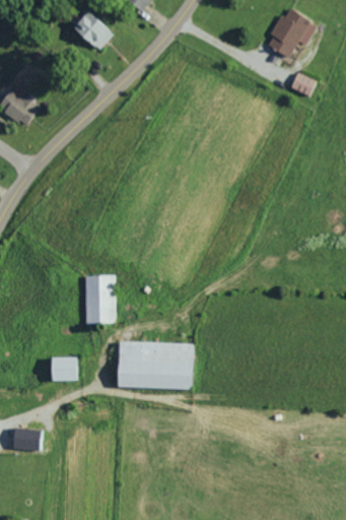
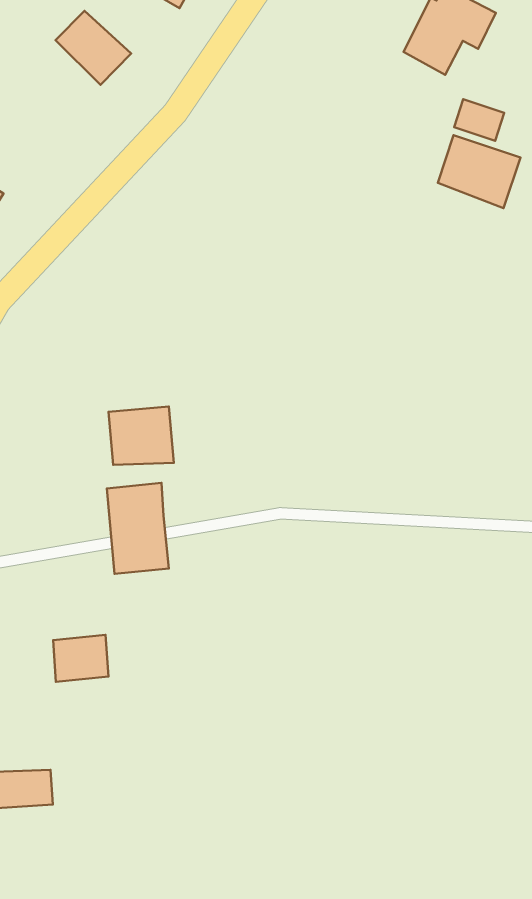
building: none -> [438,135,521,208]
building: none -> [108,406,174,465]
building: [117,341,192,389] -> none

